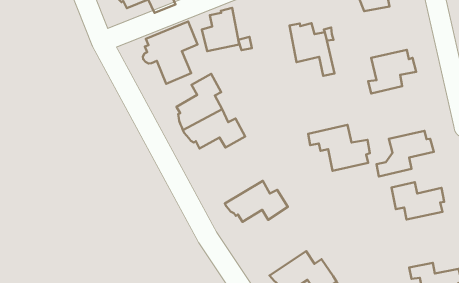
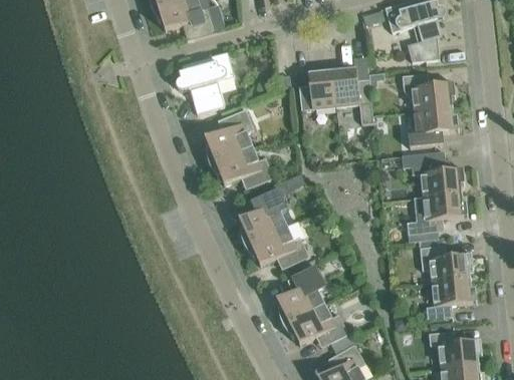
building: [202,8,239,51] -> [298,67,335,109]
building: none -> [402,73,455,110]
building: [308,125,370,171] -> [402,150,464,197]
building: none -> [239,188,287,245]
building: none -> [426,279,477,319]
building: none -> [276,267,324,325]

